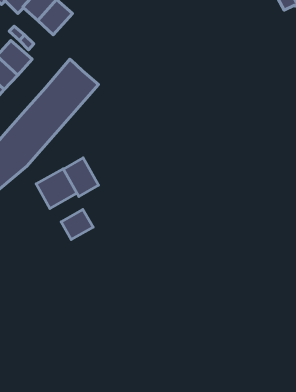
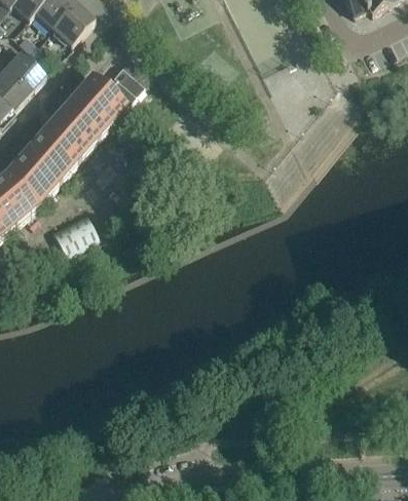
building: none -> [107,65,143,103]
building: [63,158,99,196] -> none
building: [61,210,93,239] -> none

